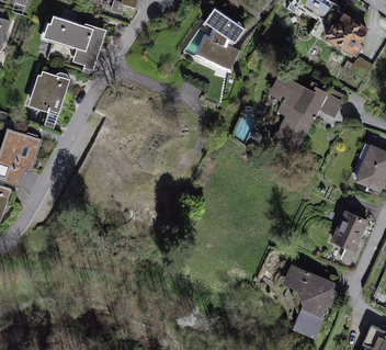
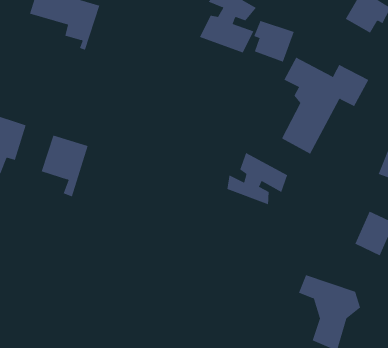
building: none -> [254,20,294,62]
building: [27,67,70,123] -> [41,135,88,197]
building: none -> [227,152,288,205]

